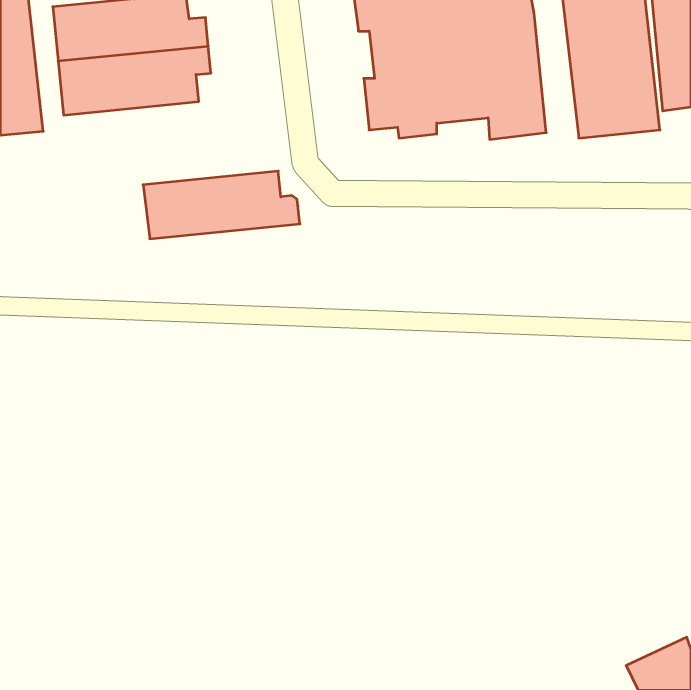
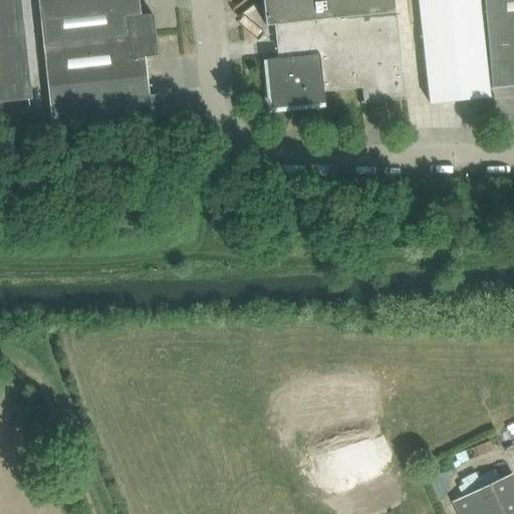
building: [143,171,300,239] -> [47,75,164,125]

